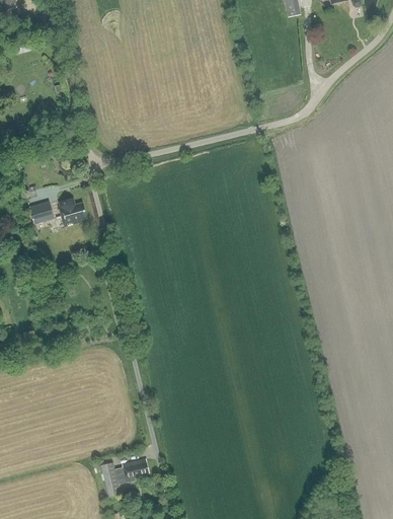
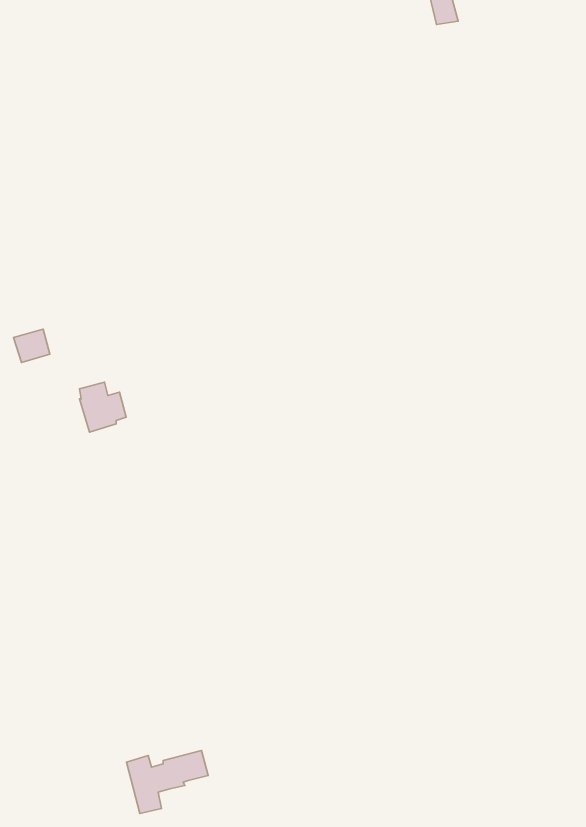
building: [57,198,85,228] -> [79,382,126,432]

